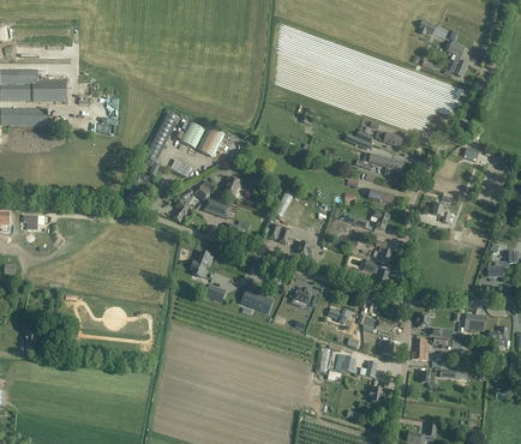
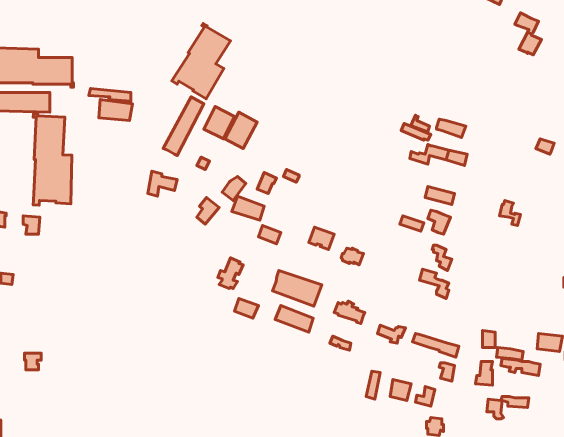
building: none -> [172,23,230,99]
building: none -> [33,114,72,205]
building: none -> [273,270,322,306]

